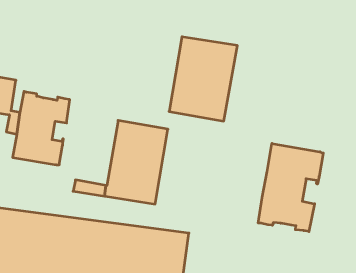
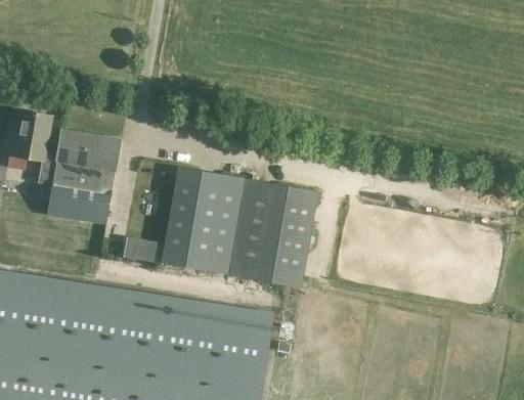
building: [169,37,237,121] -> [228,179,315,286]
building: [258,143,323,232] -> none

